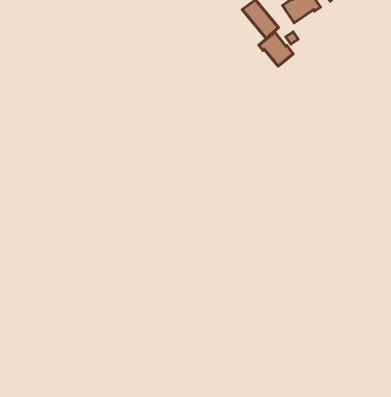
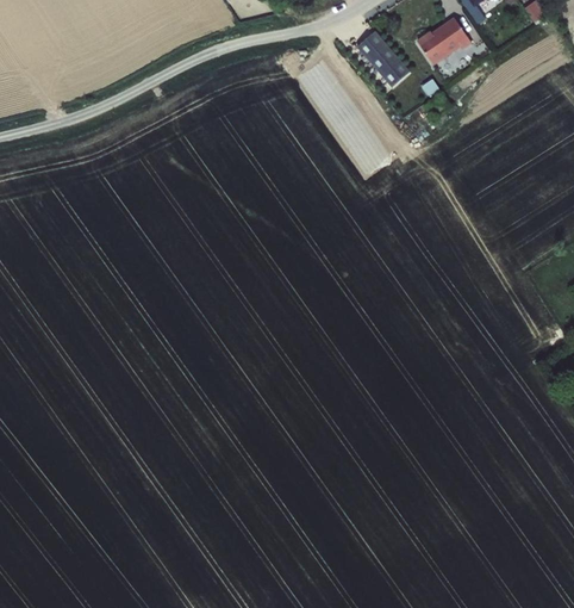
building: [259,32,293,66] -> none

